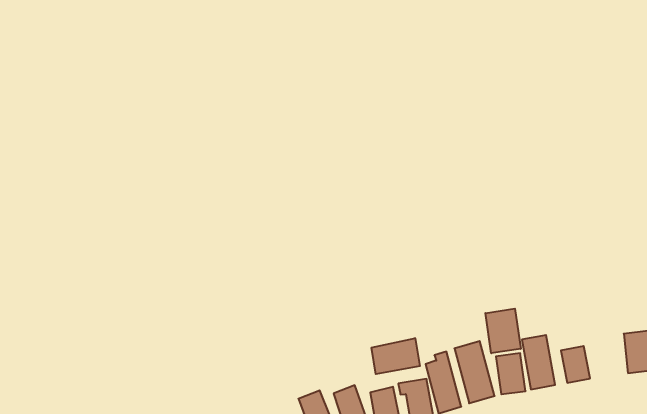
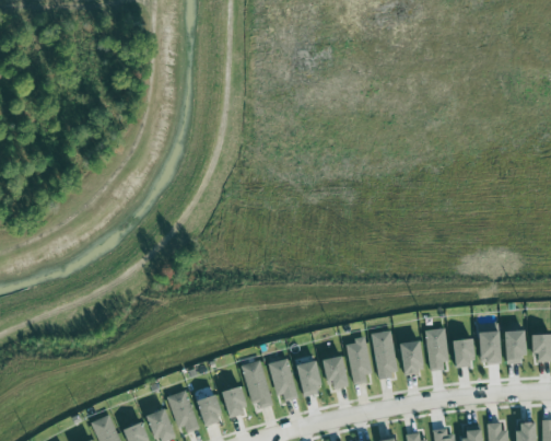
building: [485,309,521,353] -> none
building: none -> [479,323,502,363]
building: [372,338,420,374] -> none

